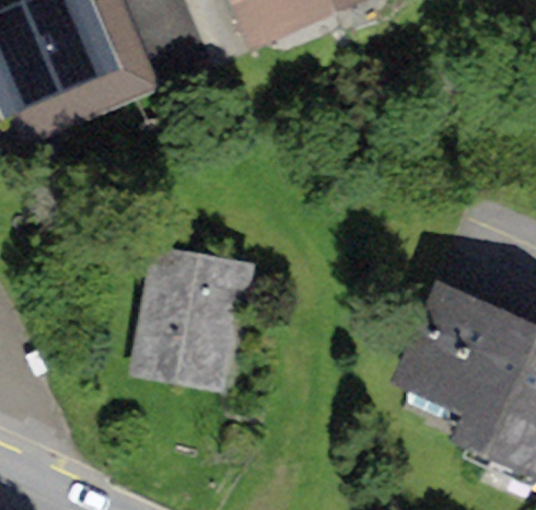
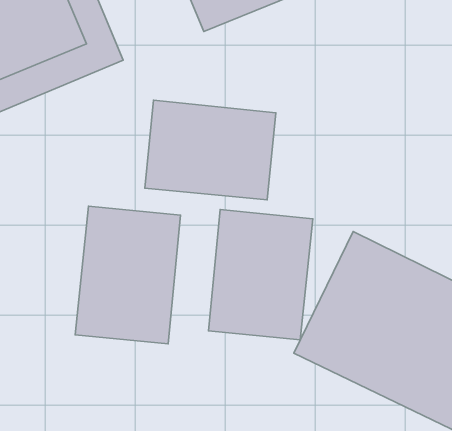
building: none -> [145,100,276,200]
building: none -> [209,210,313,340]

